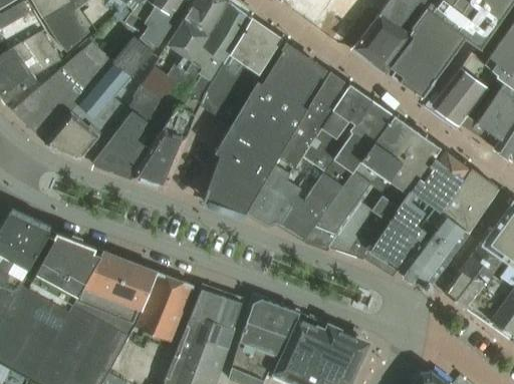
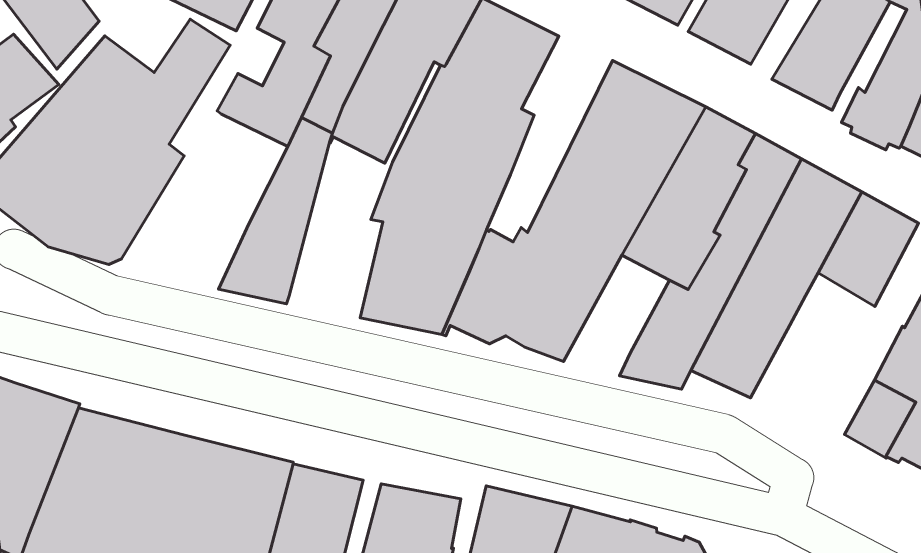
building: [275,72,349,172] -> none
building: [91,87,176,177] -> none
building: [304,186,364,249] -> none
building: [399,209,469,284] -> none

